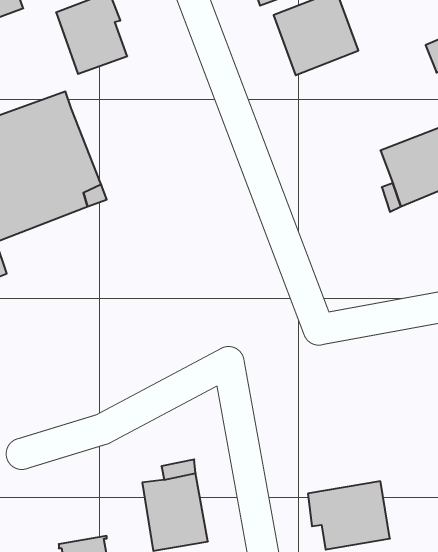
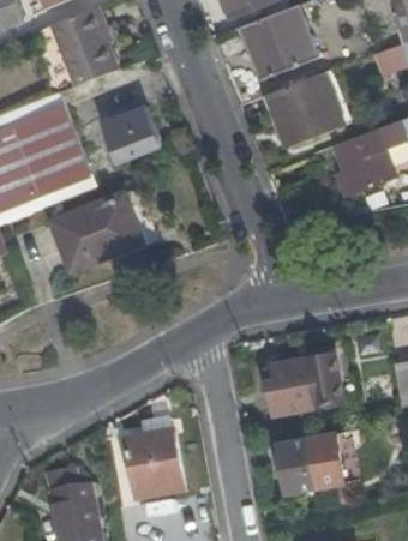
building: none -> [265,71,343,146]
building: none -> [103,108,161,163]
building: none -> [50,193,139,269]
building: none -> [268,356,342,415]

